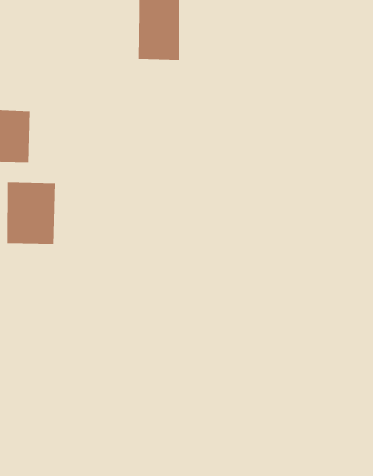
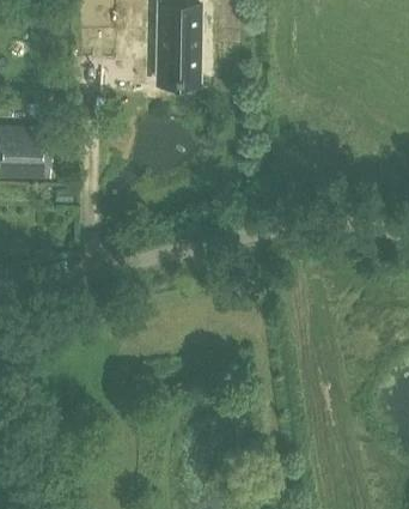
building: [7,182,55,245] -> none

